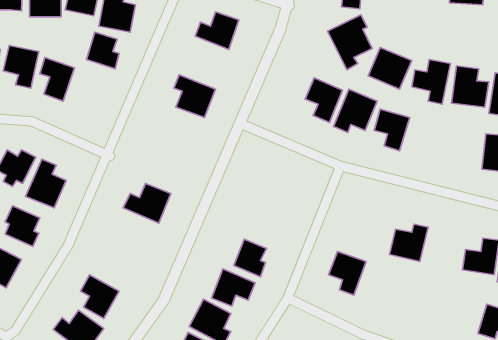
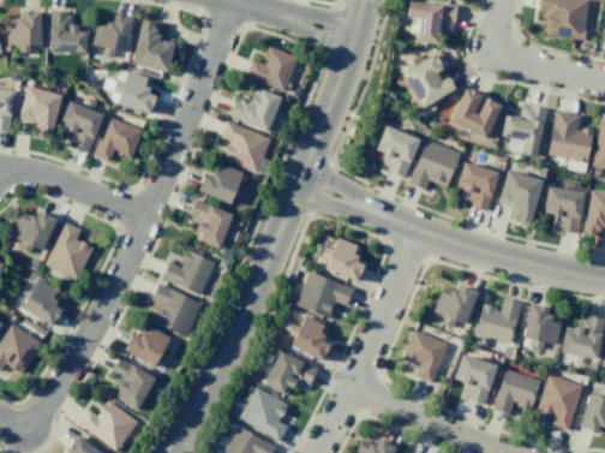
building: none -> [229,87,283,132]
building: none -> [94,117,143,162]
building: none -> [198,163,246,203]
building: none -> [499,171,541,223]
building: none -> [544,186,585,233]
building: none -> [188,199,233,248]
building: none -> [322,237,365,281]
building: none -> [296,273,353,317]
building: none -> [151,284,202,336]
building: none -> [433,284,479,328]
building: none -> [525,304,561,342]
building: none -> [125,324,170,366]
building: none -> [454,353,498,404]
building: none -> [493,369,541,413]
building: none -> [538,375,583,430]

